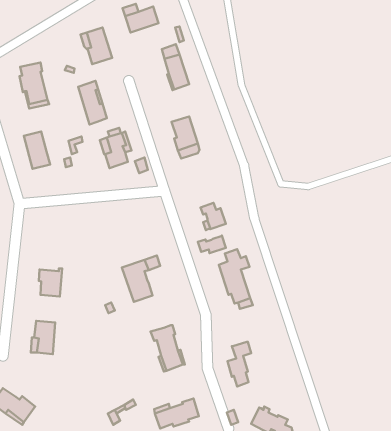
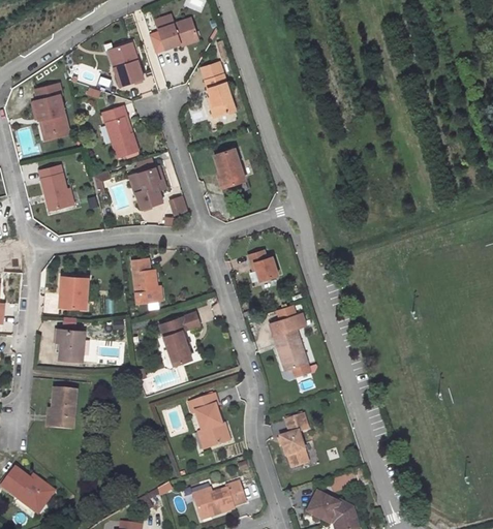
building: none -> [132,258,158,304]
building: none -> [61,276,88,308]
building: [198,236,226,253] -> none

